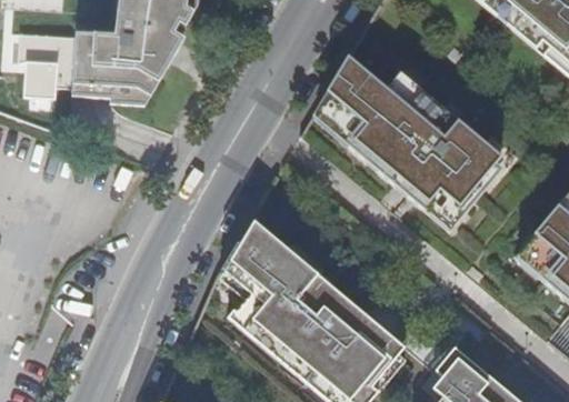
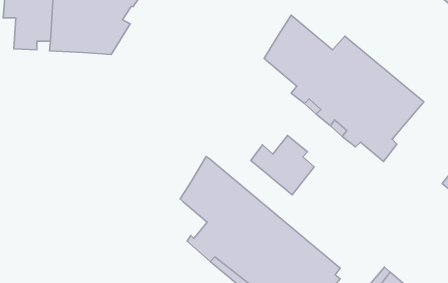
building: none -> [251,135,314,195]

